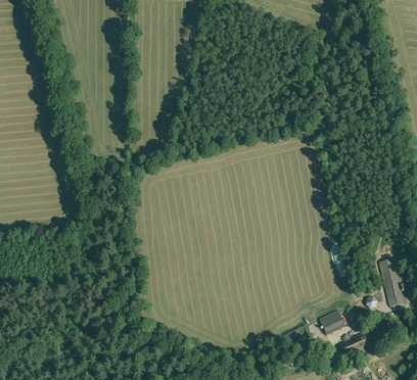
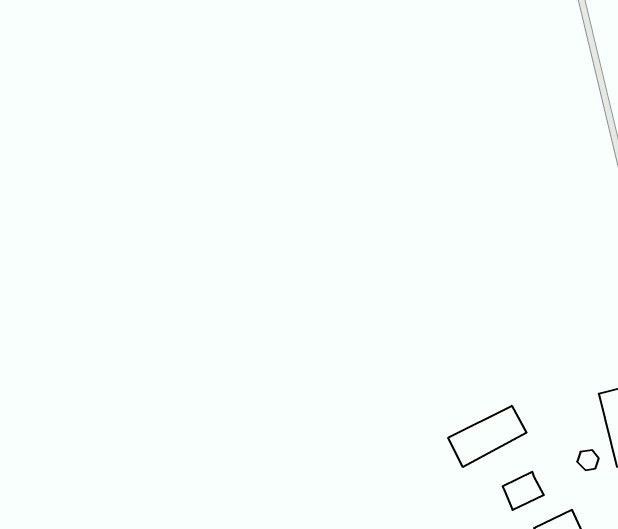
building: none -> [448,406,527,467]

